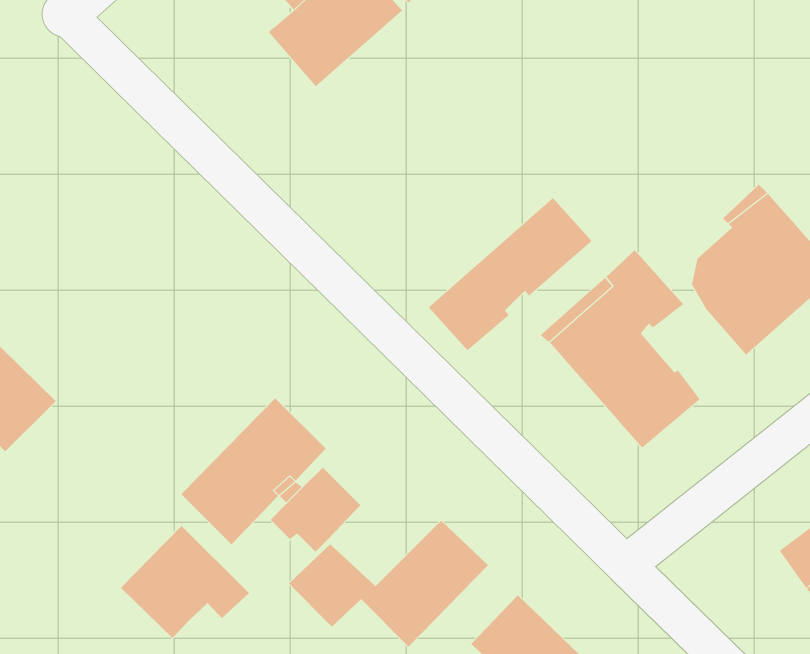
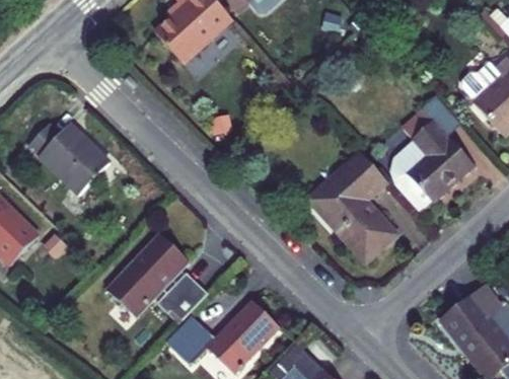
building: [428,197,593,351] -> none
building: none -> [29,124,110,194]
building: [120,525,250,639] -> none

